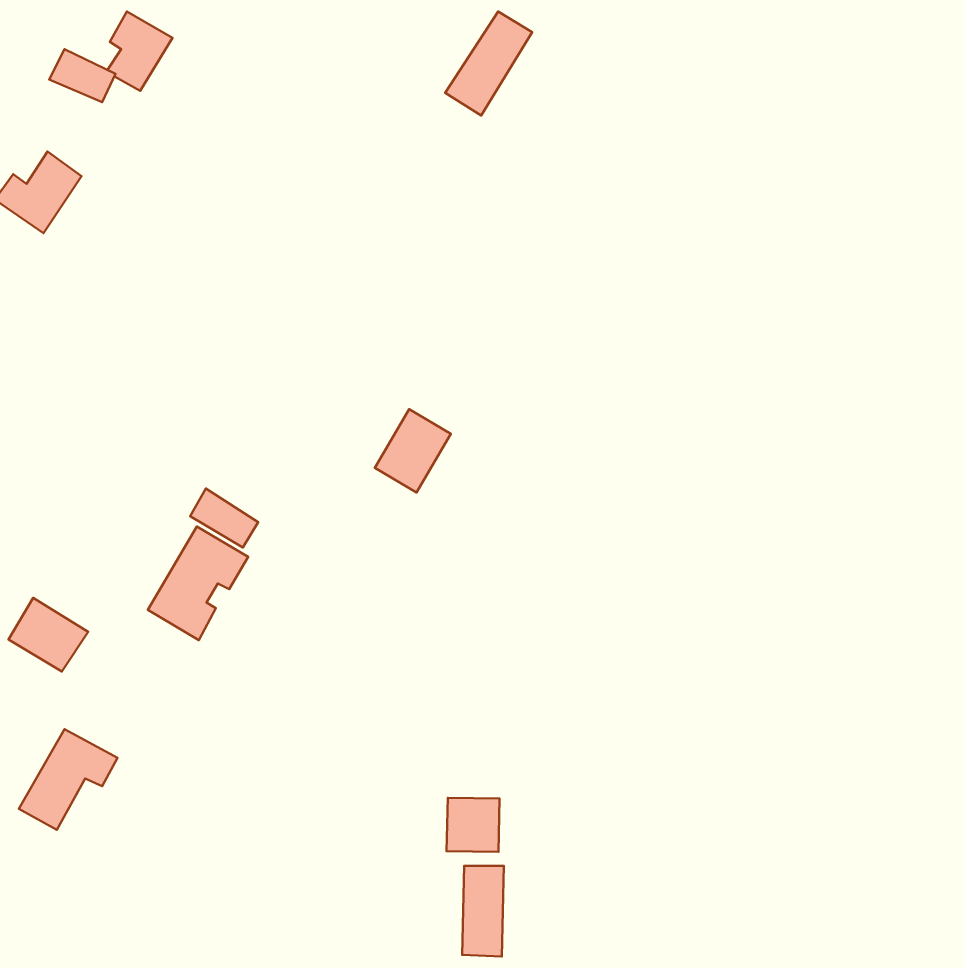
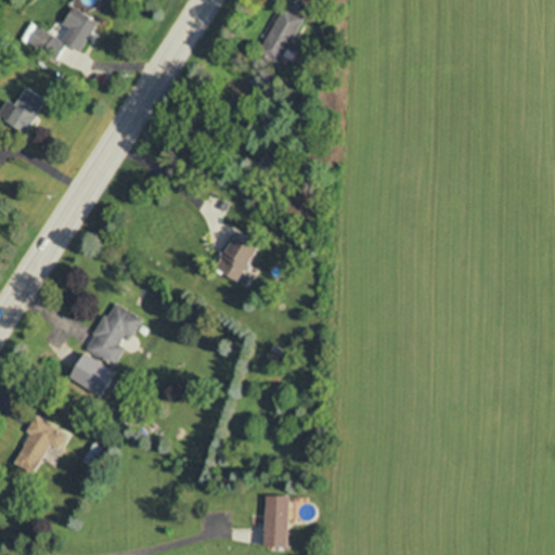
building: [190,489,258,547] -> none
building: [9,598,88,672] -> [69,353,115,396]
building: [447,798,500,852] -> none

